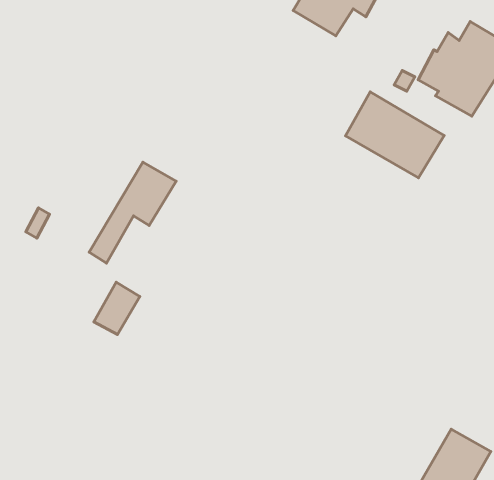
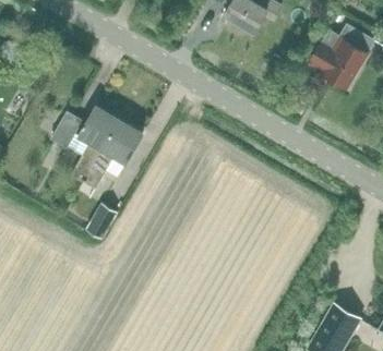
building: [346,92,444,178] -> none
building: none -> [50,106,120,182]

